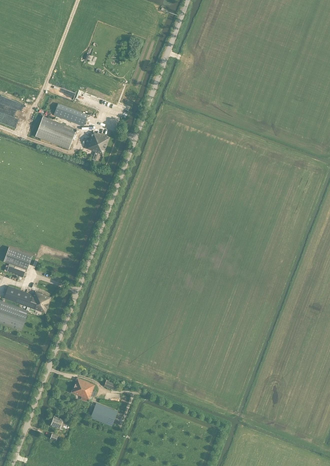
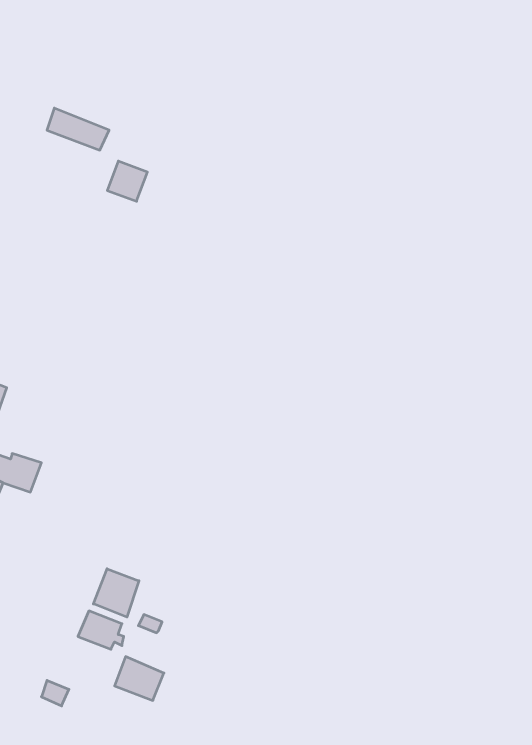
building: [34,116,75,149] -> none
building: none -> [93,569,139,617]

